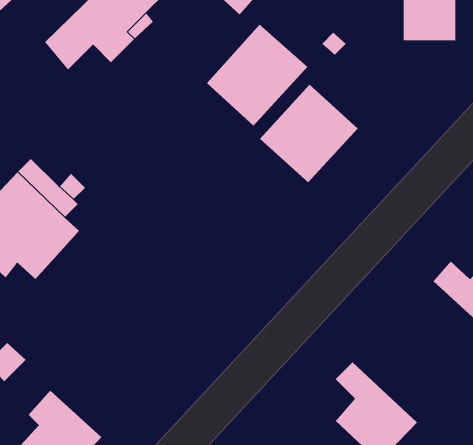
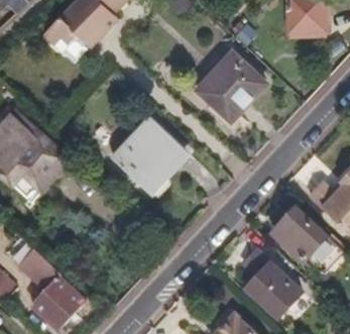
building: [206,24,308,126] -> [114,120,184,190]
building: none -> [273,207,327,260]

